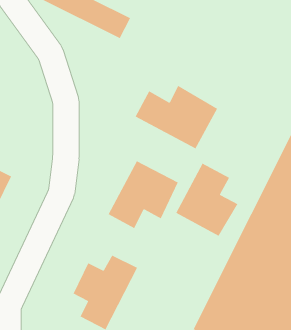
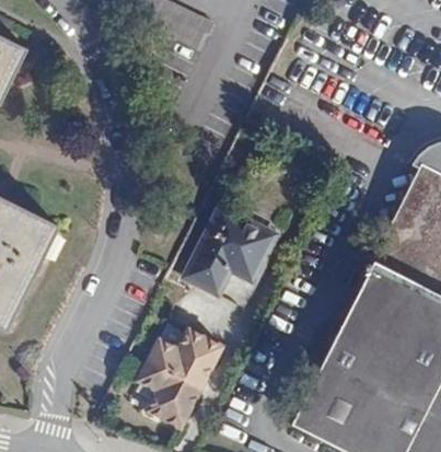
building: [135,85,218,150] -> none
building: [175,163,239,237] -> none

